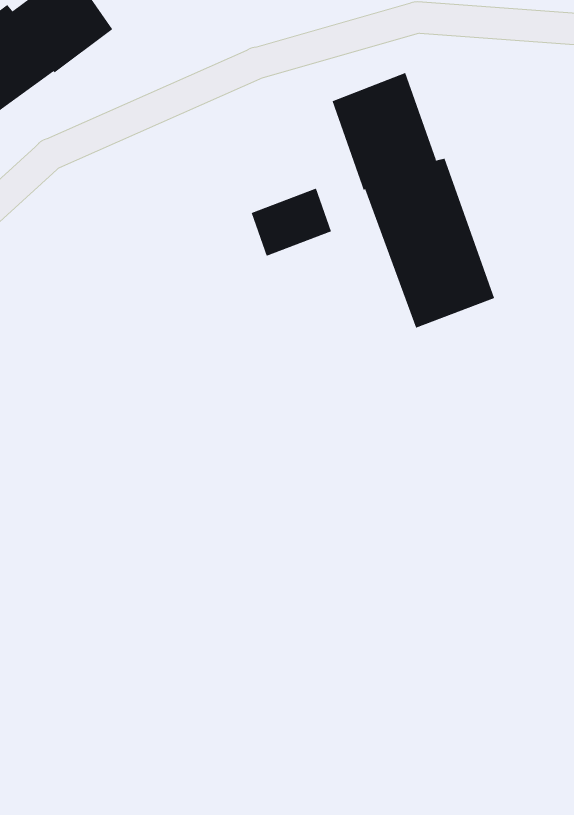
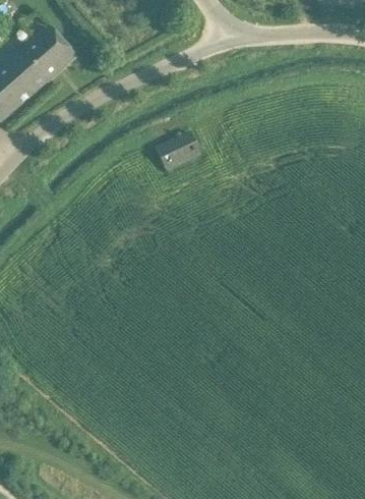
building: [332,72,495,329] -> none

